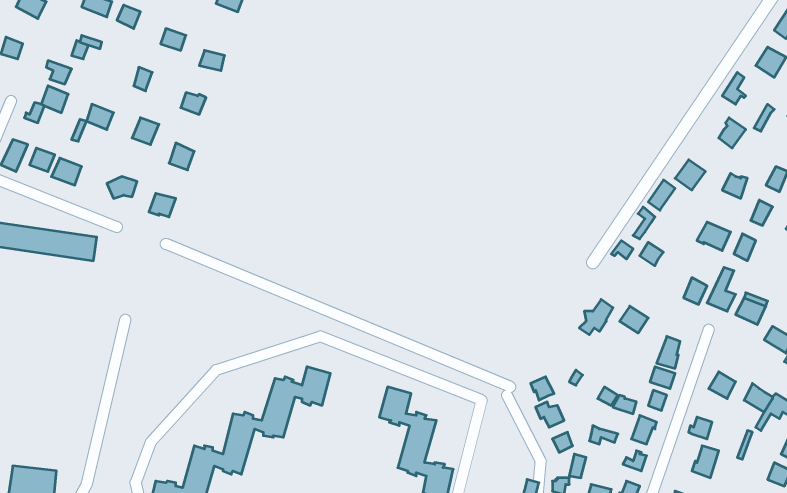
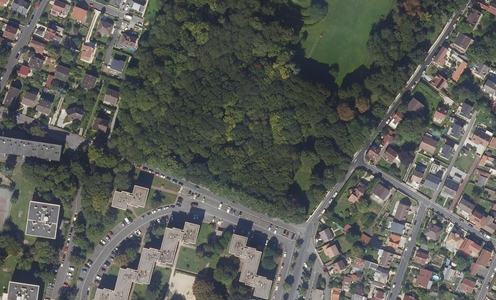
building: none -> [111,186,148,210]
building: none -> [25,200,56,235]

